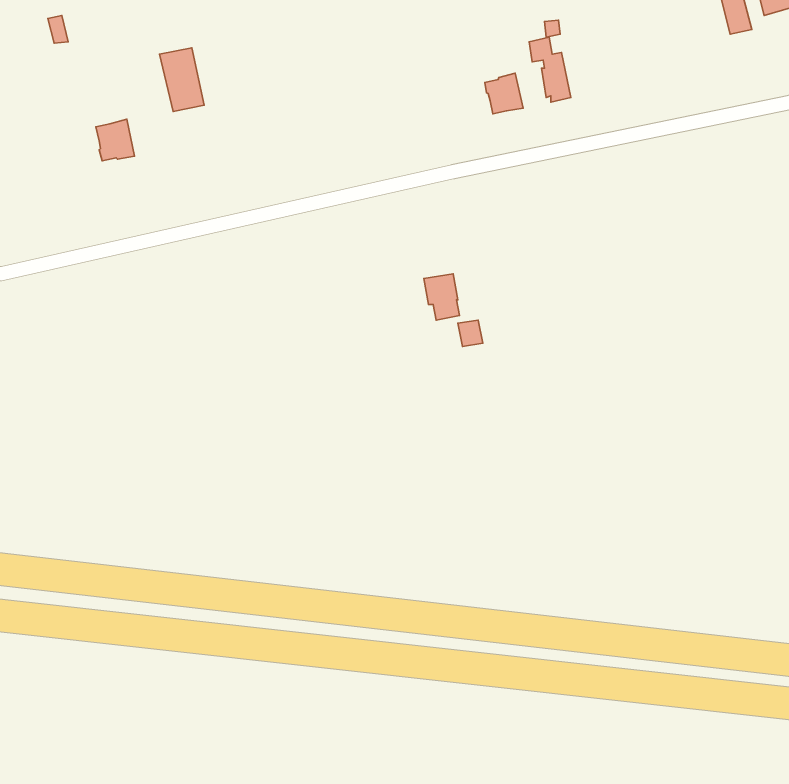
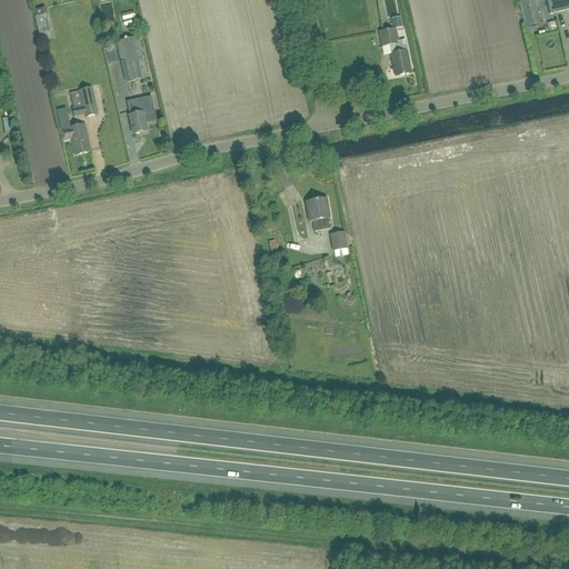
building: [485,73,523,114] -> none
building: none -> [128,96,156,132]
building: none -> [60,123,90,152]

